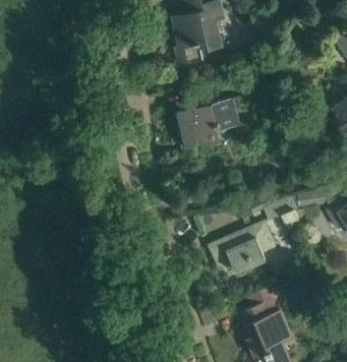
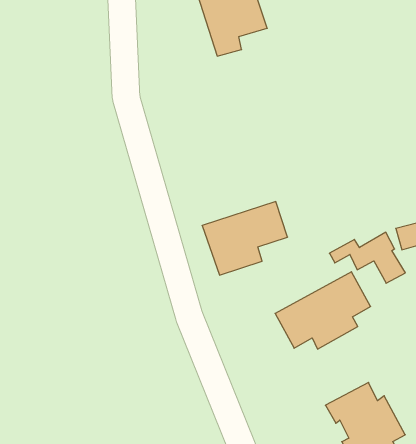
building: [177,100,236,147] -> [202,202,288,275]

